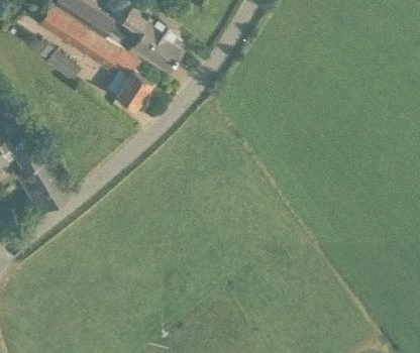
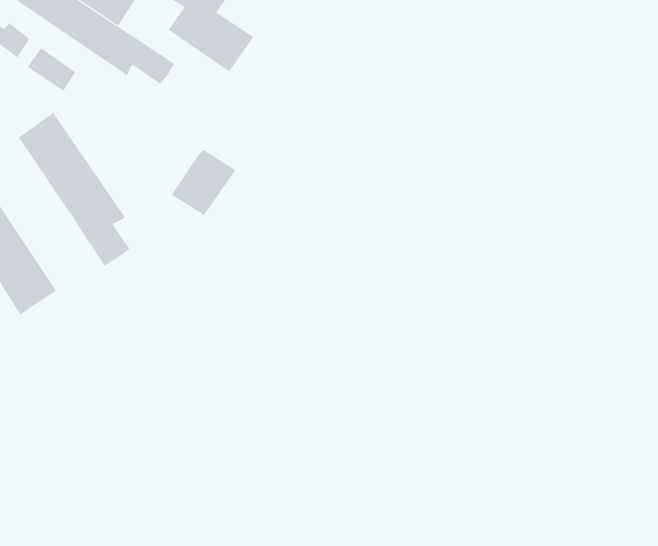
building: [113,71,150,109] -> [171,149,236,216]
building: none -> [18,112,130,266]

